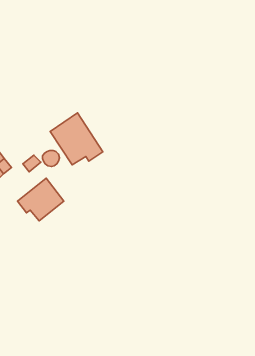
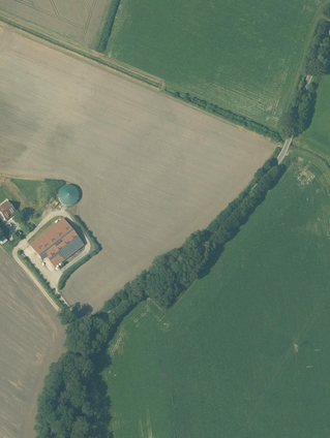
building: [50,113,103,165] -> none

